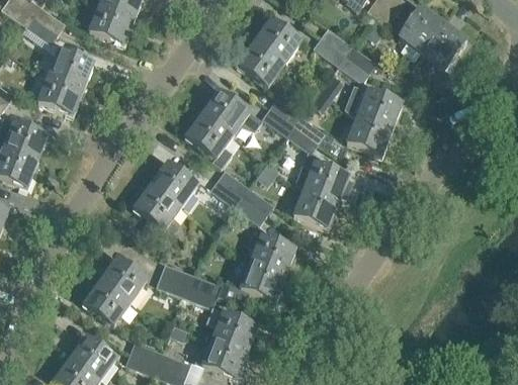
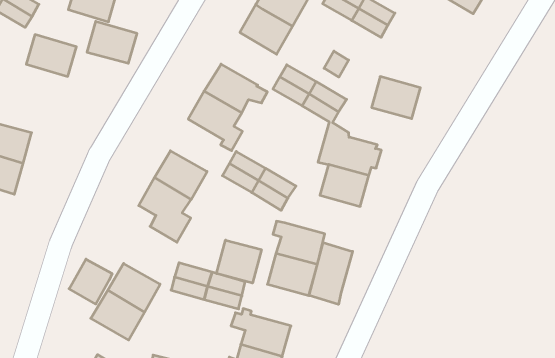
building: [37,75,83,114] -> [87,21,137,63]
building: [357,89,402,128] -> none
building: none -> [217,240,261,283]
building: none -> [69,259,112,304]
building: none -> [309,243,353,304]

